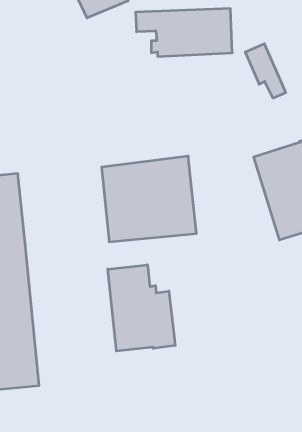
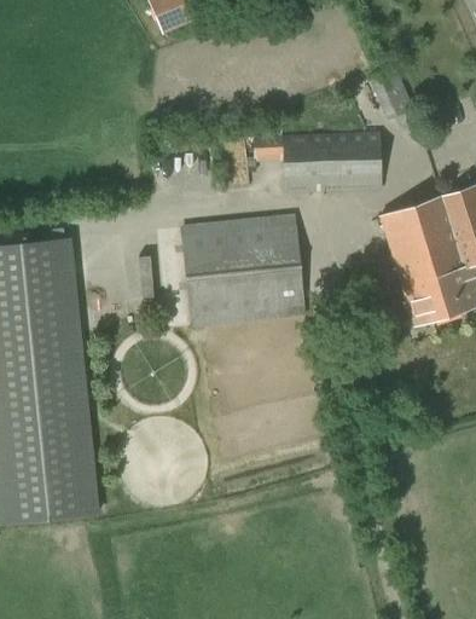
building: [136,9,232,56] -> [255,129,382,192]
building: [108,265,175,351] -> none

